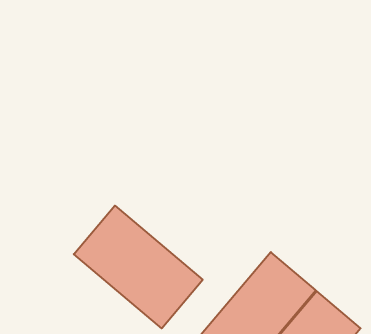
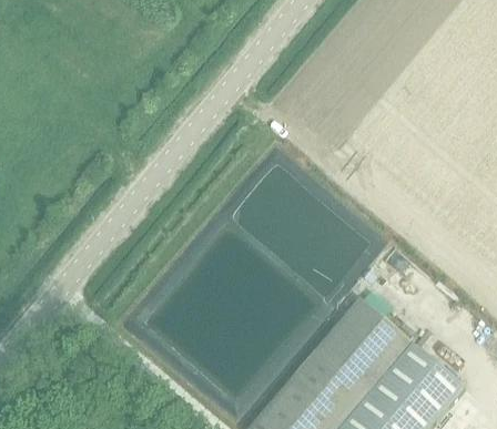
building: [74,206,203,328] -> none

